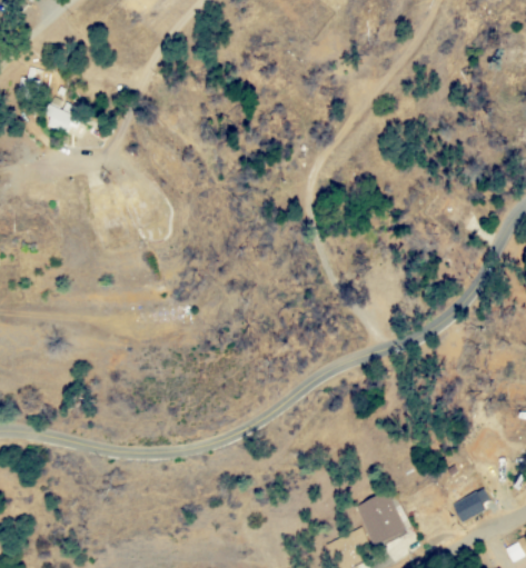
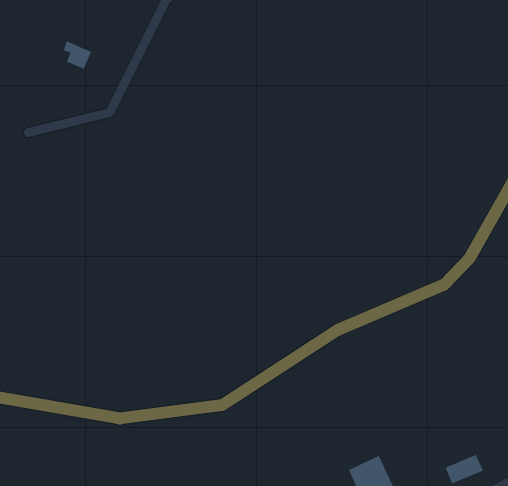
building: [46,103,75,132] -> [63,41,92,69]

